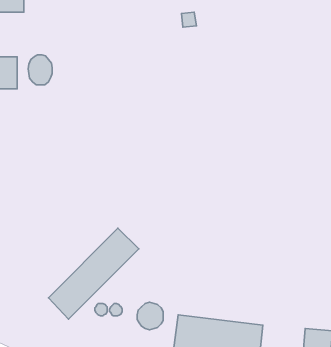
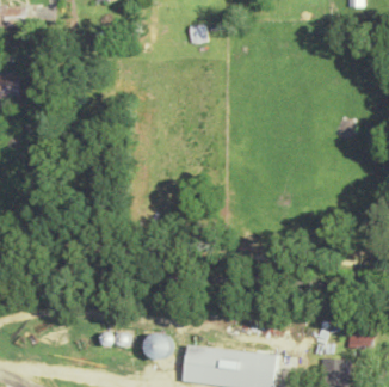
building: [28,55,52,85] -> none
building: [48,228,139,319] -> none

